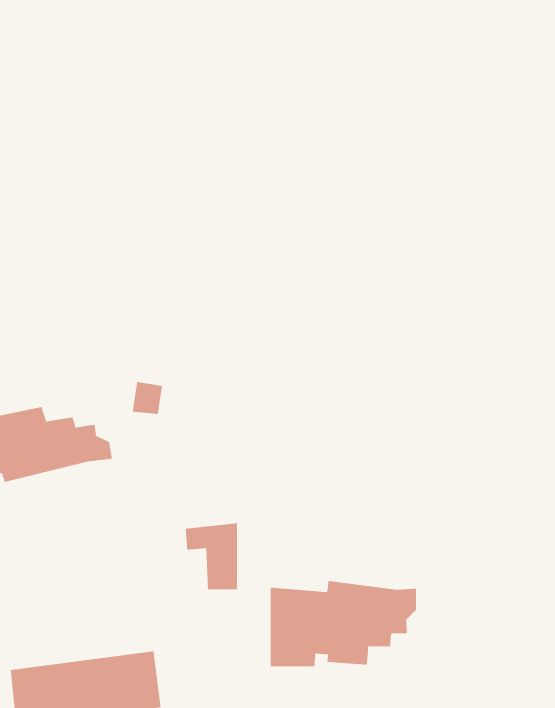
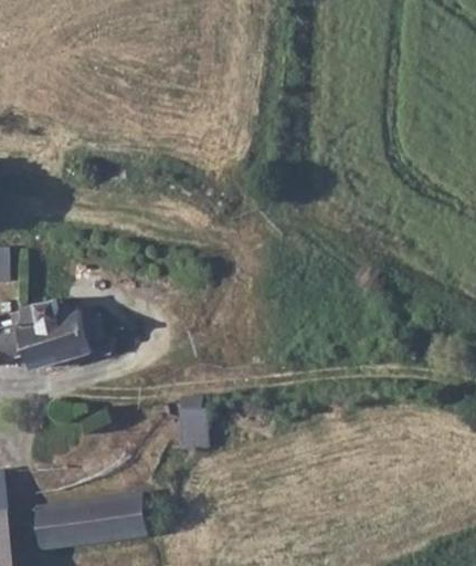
building: [270,580,417,667] -> none

